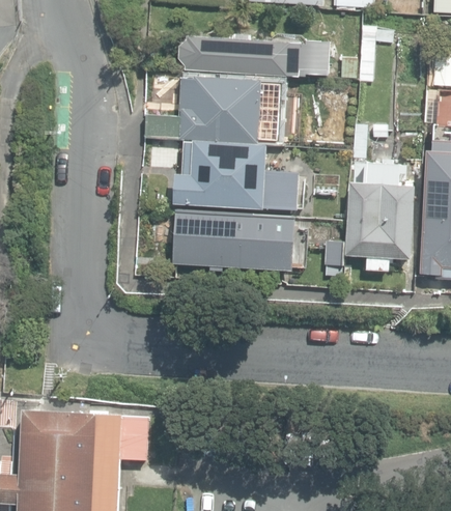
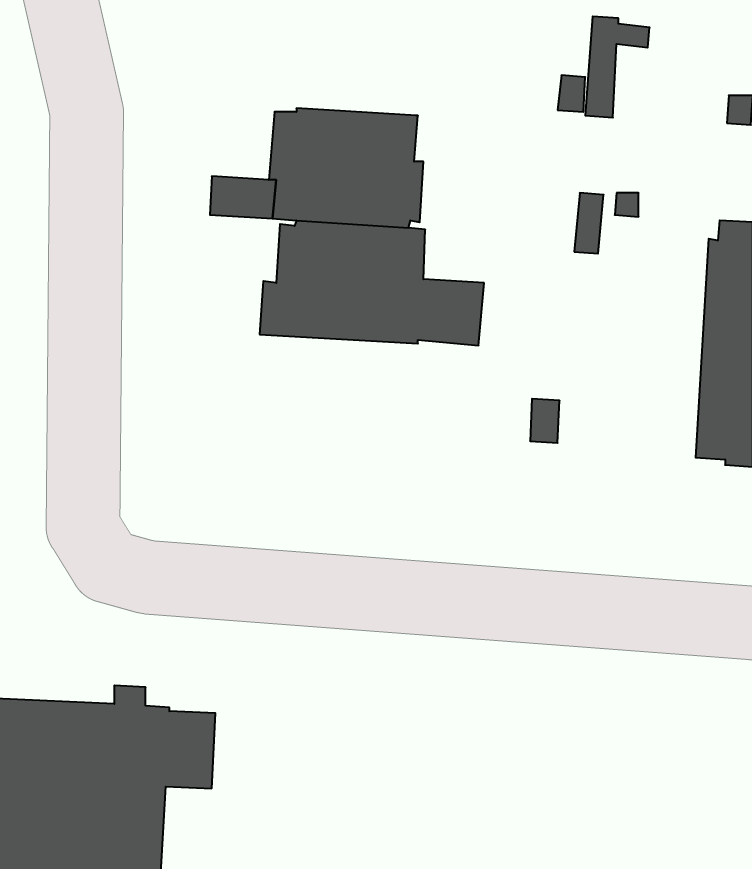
building: [178,34,330,78] -> none
building: [345,162,413,271] -> none
building: [172,210,294,272] -> none

